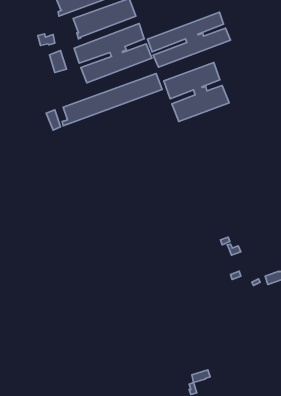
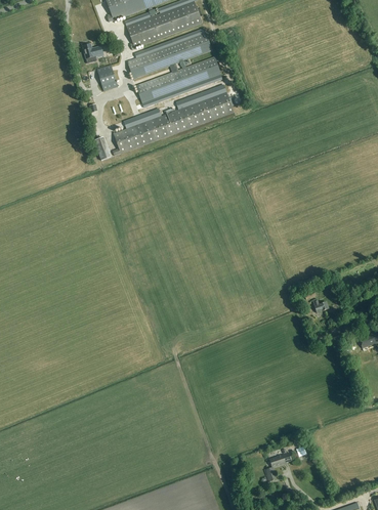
building: [148,12,231,67] -> none
building: [164,62,229,121] -> none

